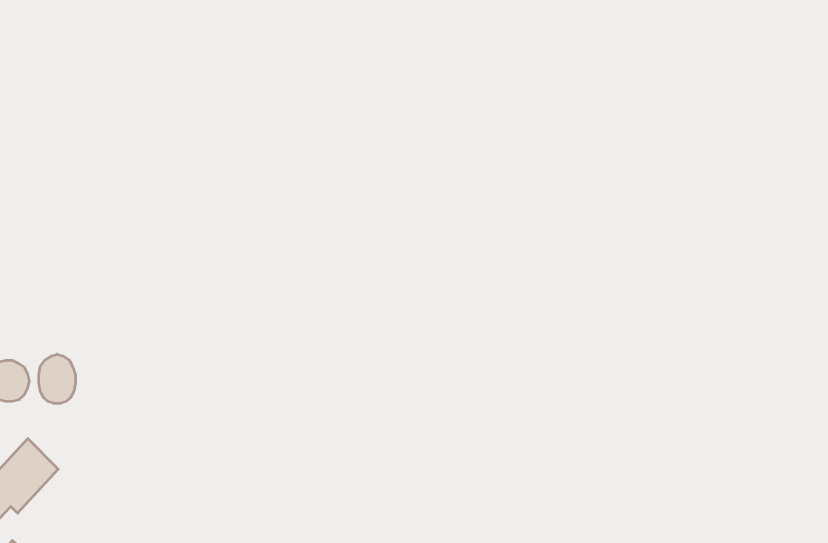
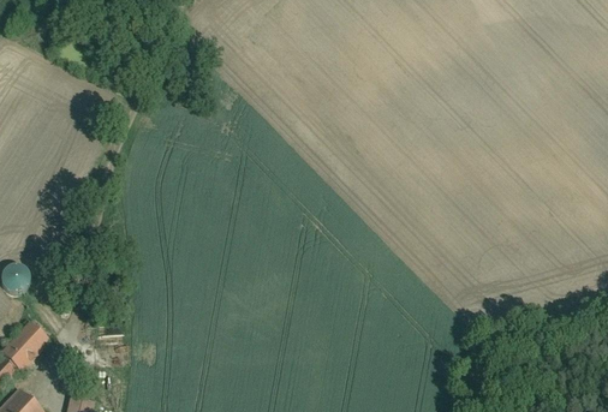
building: [39,354,75,404] -> none

